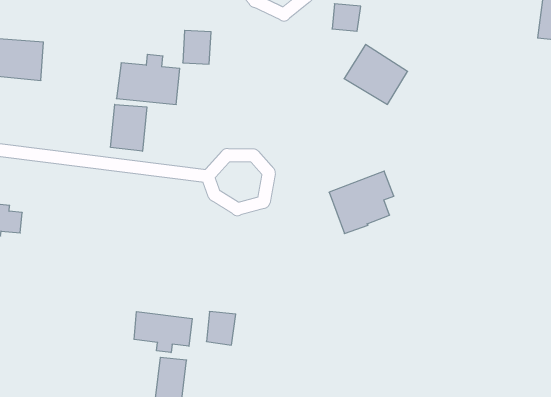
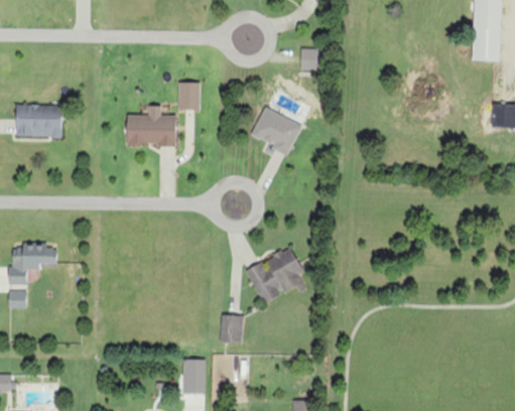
building: [344,44,408,104] -> [250,106,302,154]
building: [111,104,147,151] -> none
building: [329,171,394,234] -> [246,248,300,303]
building: [134,312,192,353] -> none

